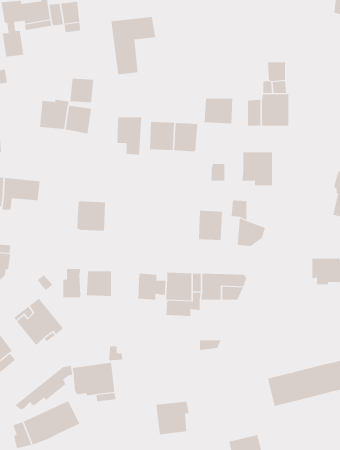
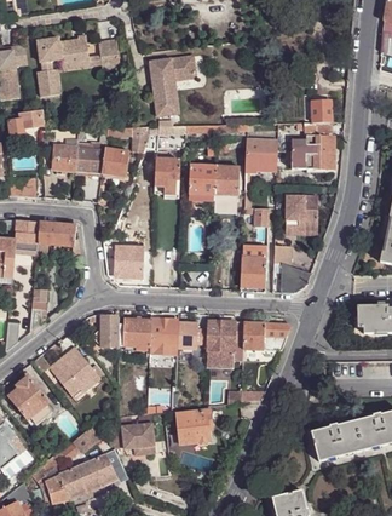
building: [70,78,94,103] -> [53,144,79,170]
building: none -> [151,317,179,348]
building: [156,401,189,435] -> [177,408,212,443]

